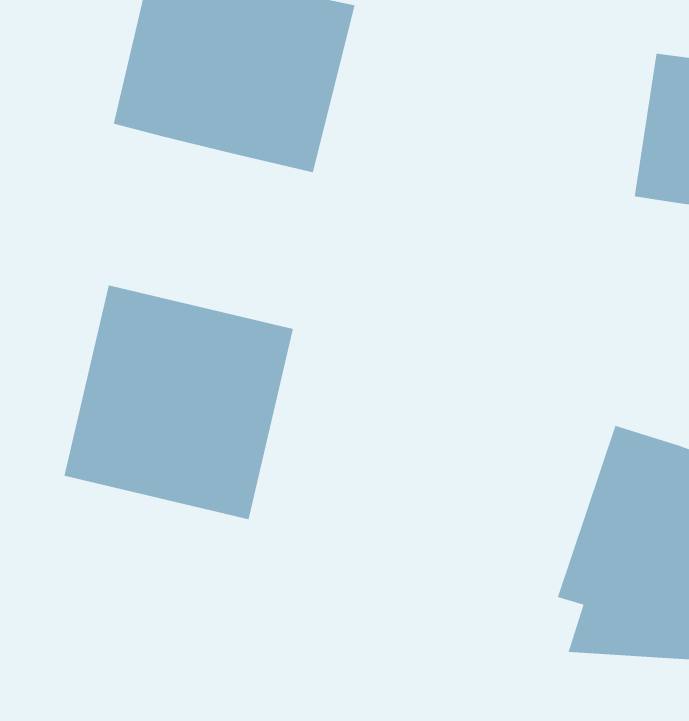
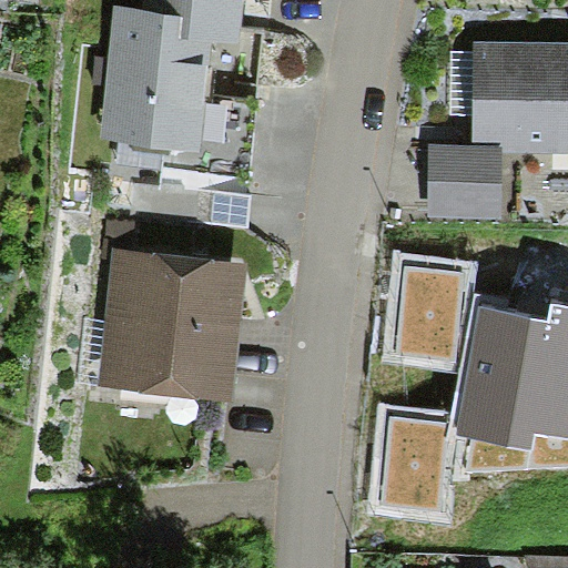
building: none -> [429,143,506,217]
building: none -> [397,268,462,356]
building: none -> [382,418,446,507]

